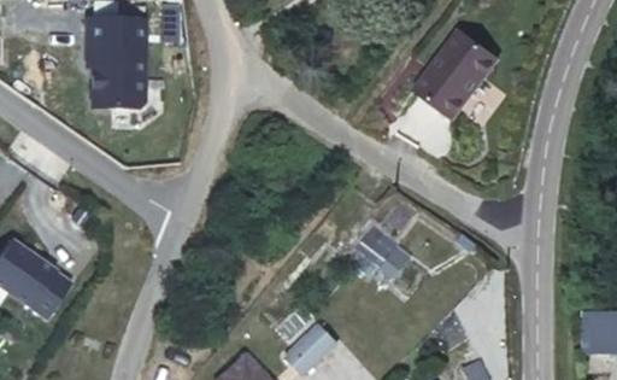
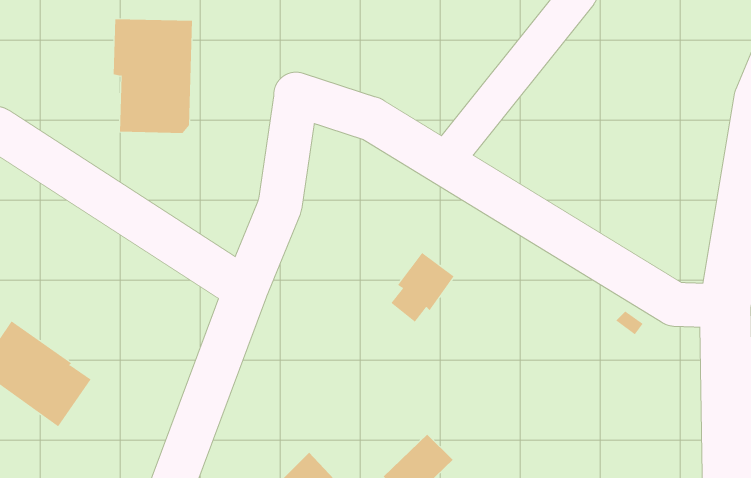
building: [411,17,493,106] -> none
building: [352,227,399,279] -> [391,252,454,323]

